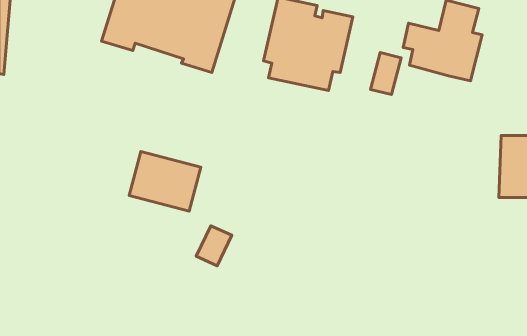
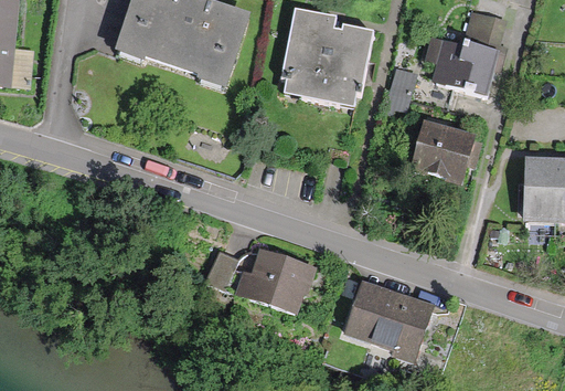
building: none -> [411,118,481,181]
building: [129,151,201,211] -> [239,246,315,309]
building: none -> [334,277,426,357]

